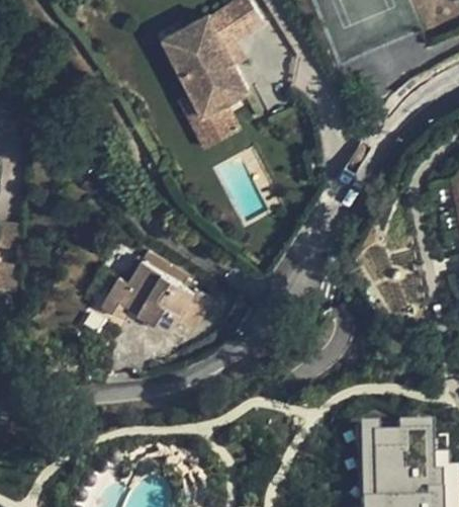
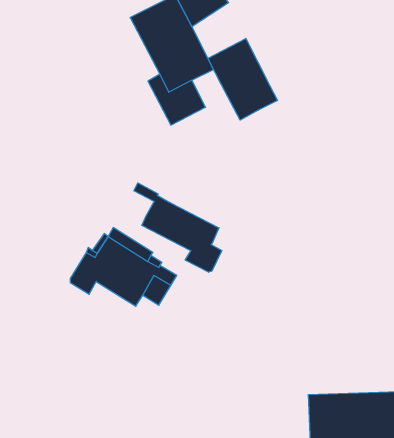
building: none -> [208,38,278,120]
building: none -> [134,183,222,272]

